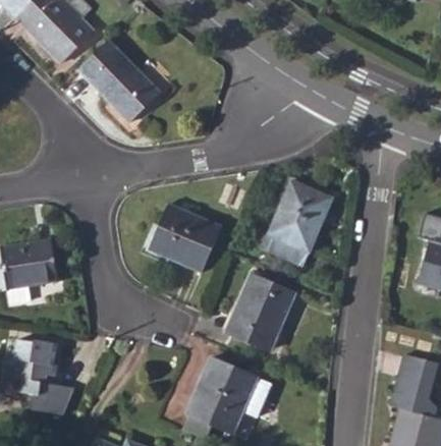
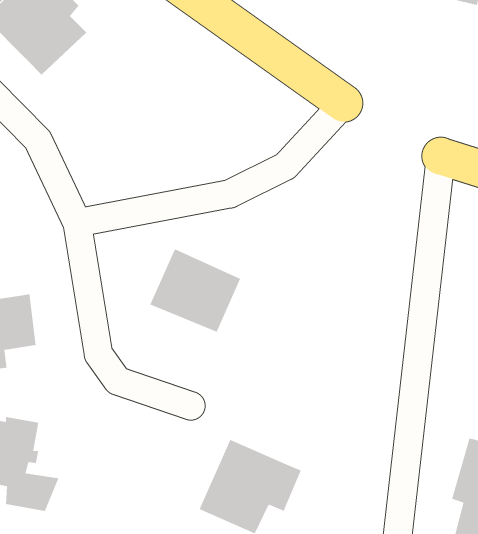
building: [78,42,159,121] -> none
building: [255,180,332,265] -> none
building: [225,274,295,351] -> none

